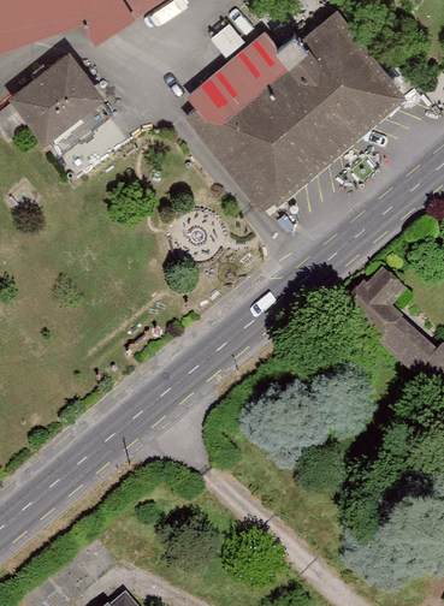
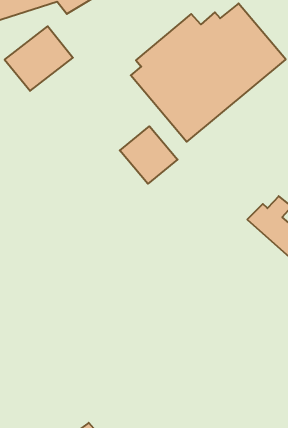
building: none -> [120,126,178,184]

